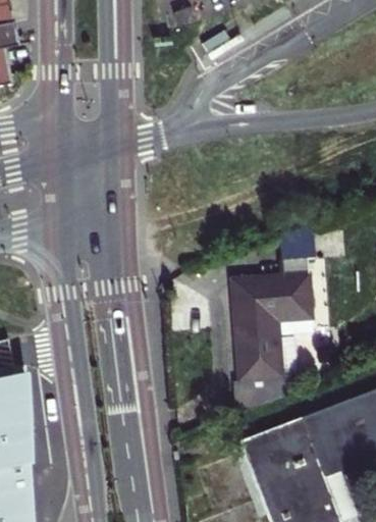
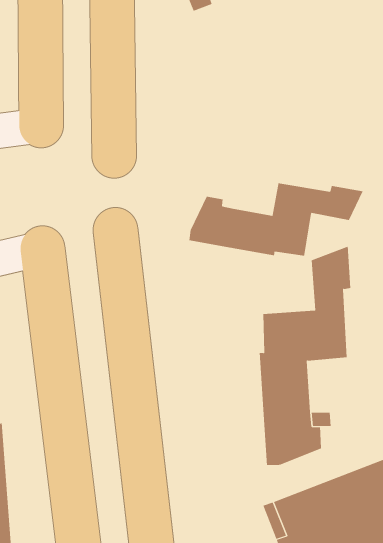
building: none -> [189,182,364,257]

